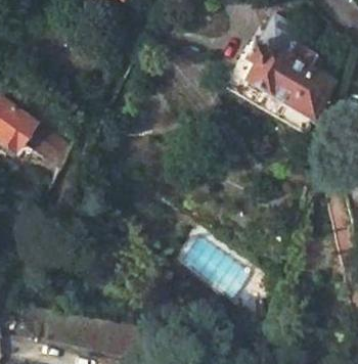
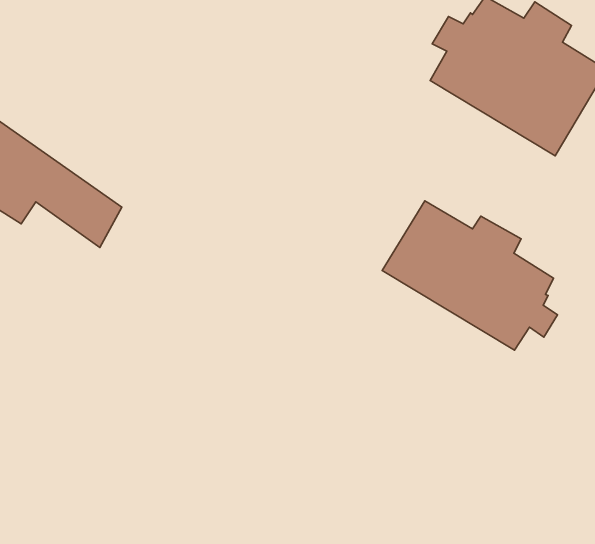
building: none -> [382,201,557,350]

